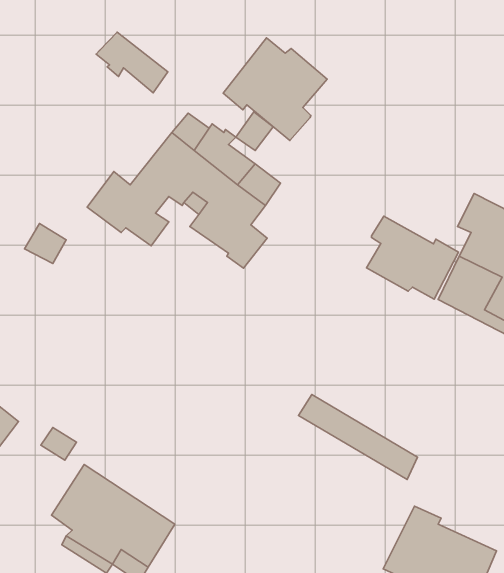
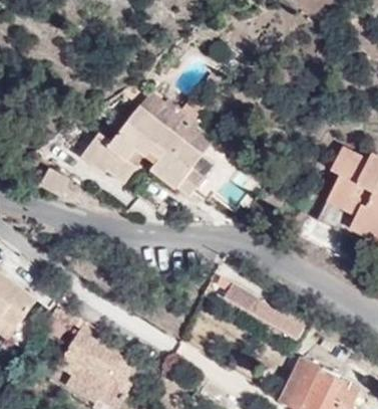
building: [96,32,168,93] -> none
building: [223,38,327,141] -> none
building: [366,216,459,299] -> none

